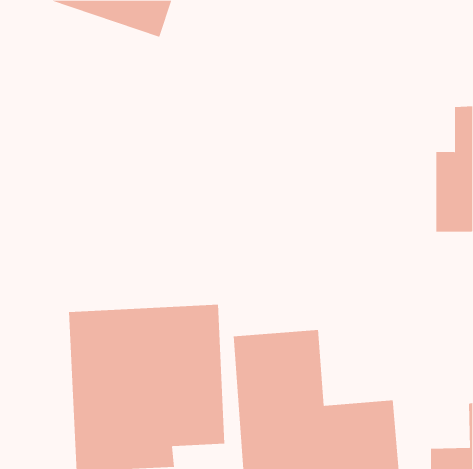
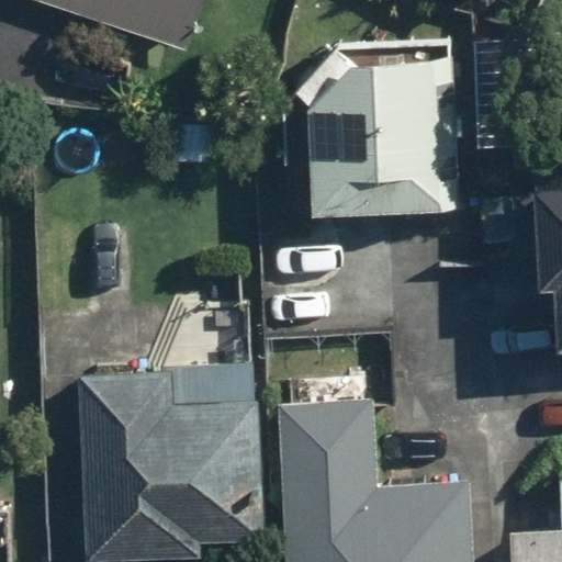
building: none -> [297,46,457,211]

